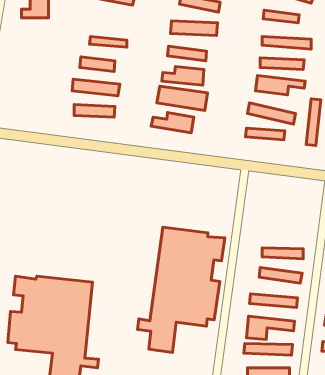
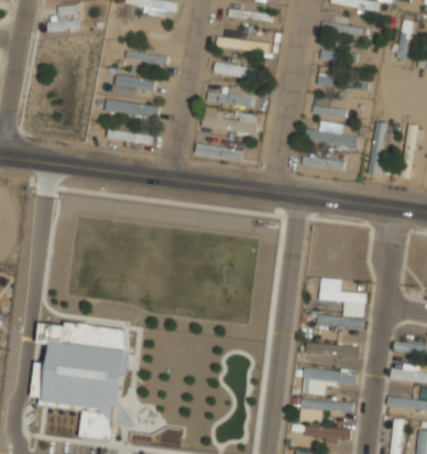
building: [137,227,225,352] -> none

